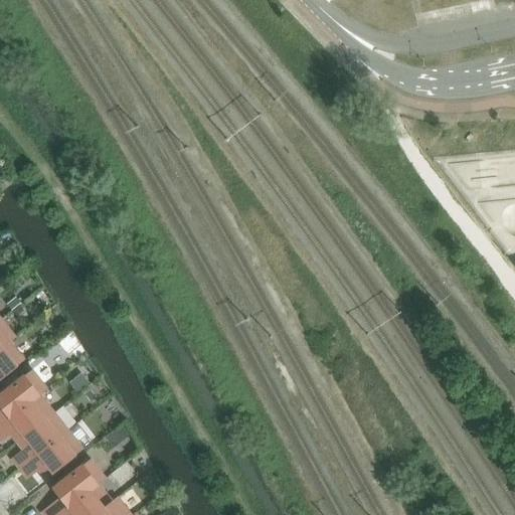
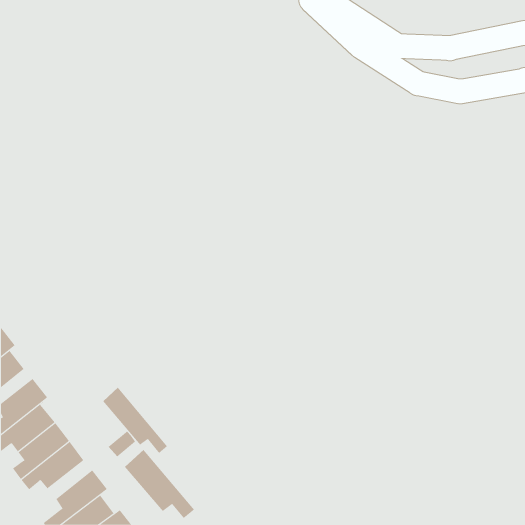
building: none -> [102,387,168,454]
building: none -> [124,449,195,519]

